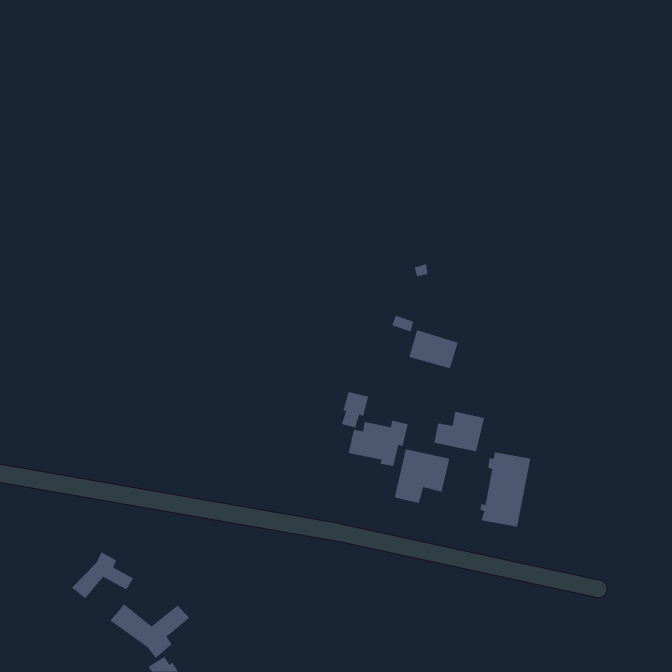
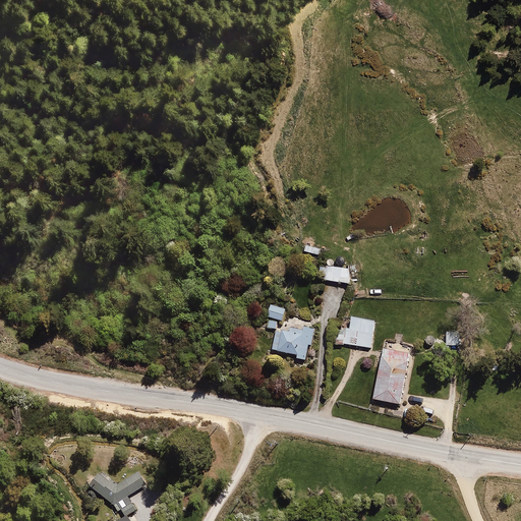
building: [394,449,450,504] -> none
building: [71,552,134,599] -> none

